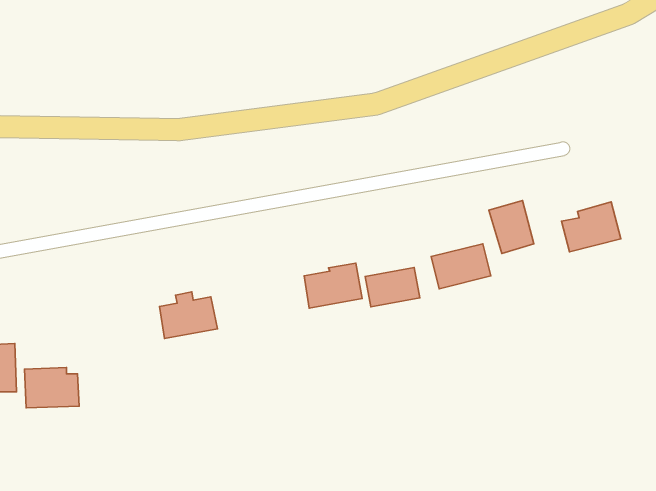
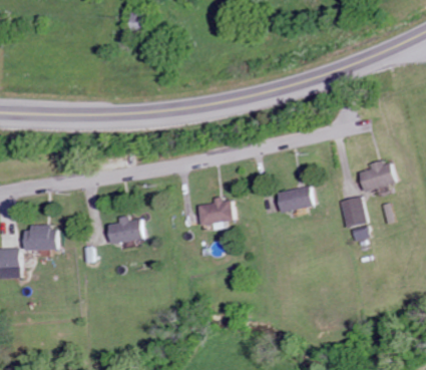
building: [489,200,534,253] -> [337,196,365,229]
building: [365,267,420,307] -> none
building: [25,367,79,408] -> [23,226,57,251]

